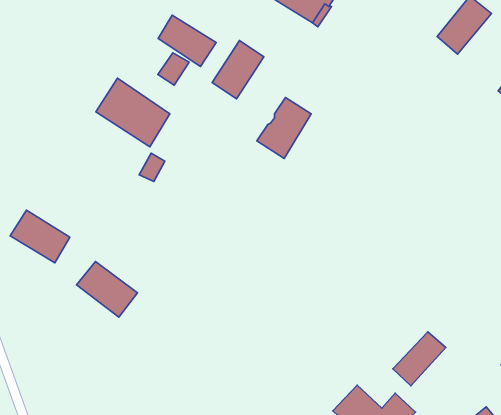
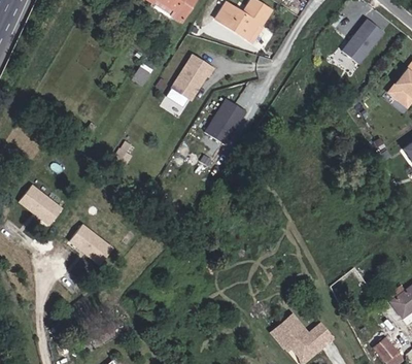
building: [158,15,216,67] -> none
building: [96,78,170,147] -> none
building: [393,332,446,386] -> none

